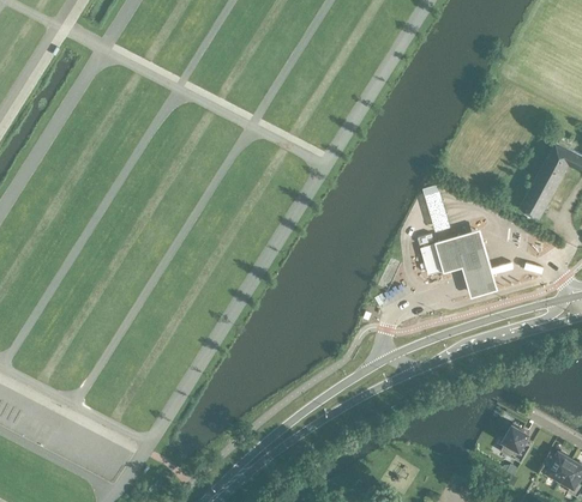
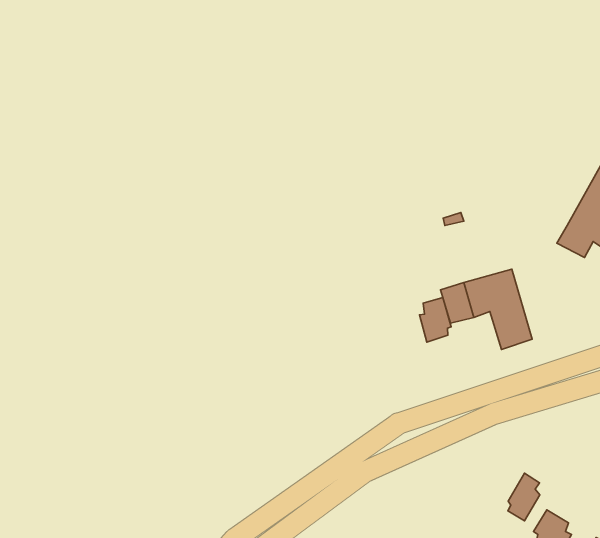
building: none -> [419,298,451,342]
building: none -> [508,473,540,521]

